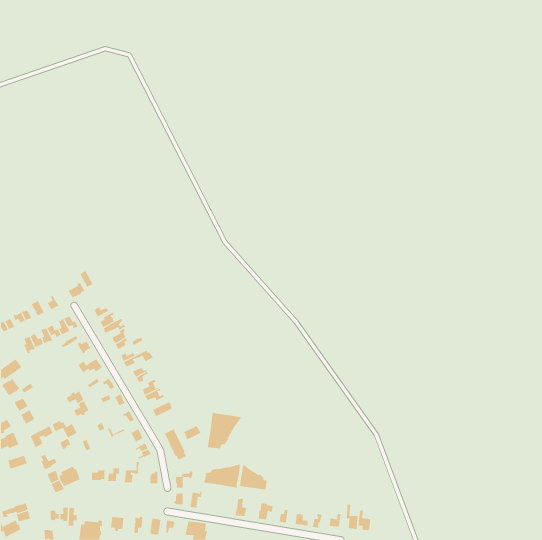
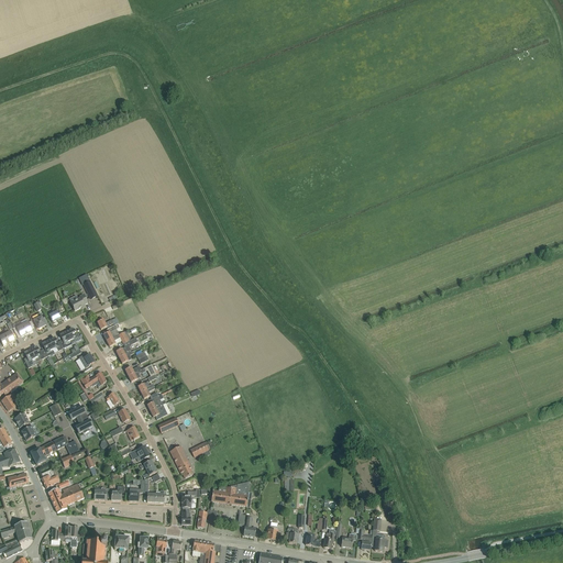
building: [207,412,242,449] -> none
building: [239,464,267,490] -> none

